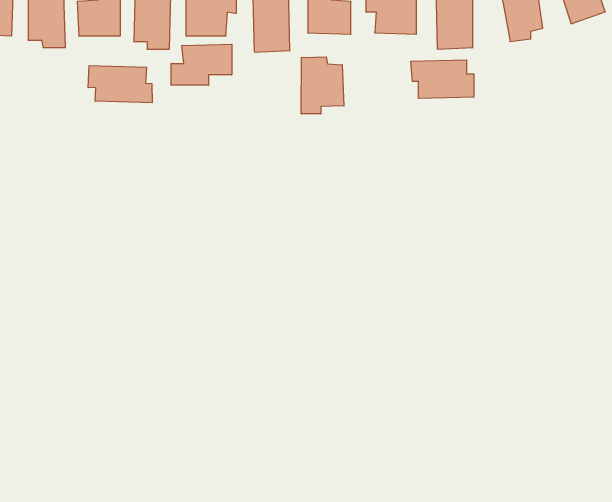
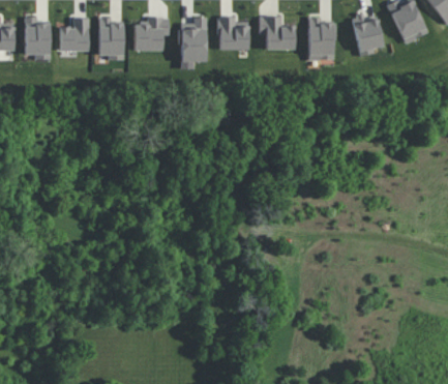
building: [171,44,232,85] -> none
building: [301,57,344,114] -> none
building: [411,60,474,98] -> none
building: [88,66,152,103] -> none

